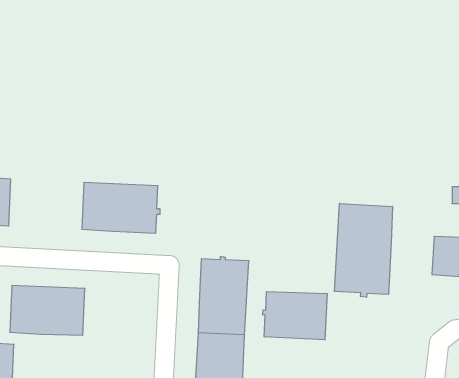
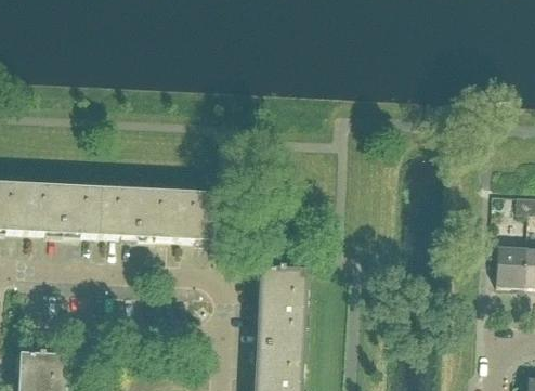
building: [335,203,392,297] -> none
building: [10,285,85,335] -> [64,186,141,237]
building: [263,292,327,340] -> none

